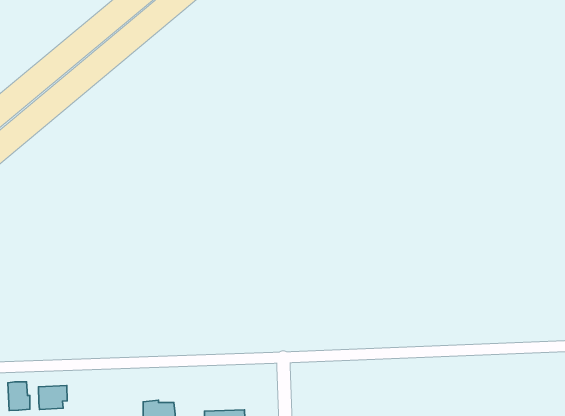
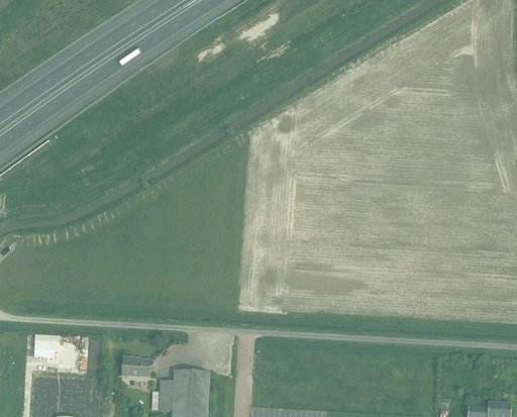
building: [8,382,30,410] -> none

